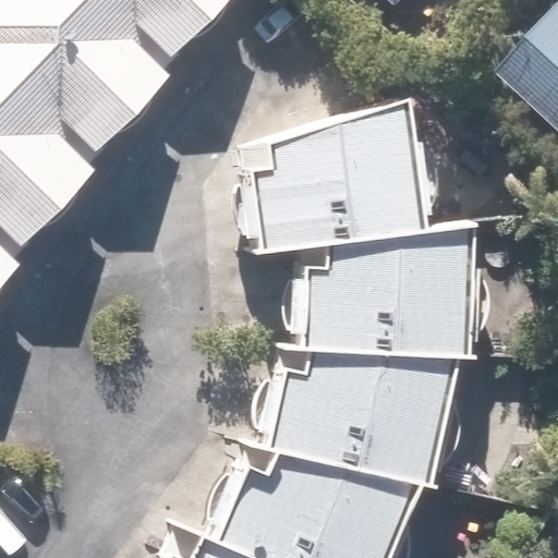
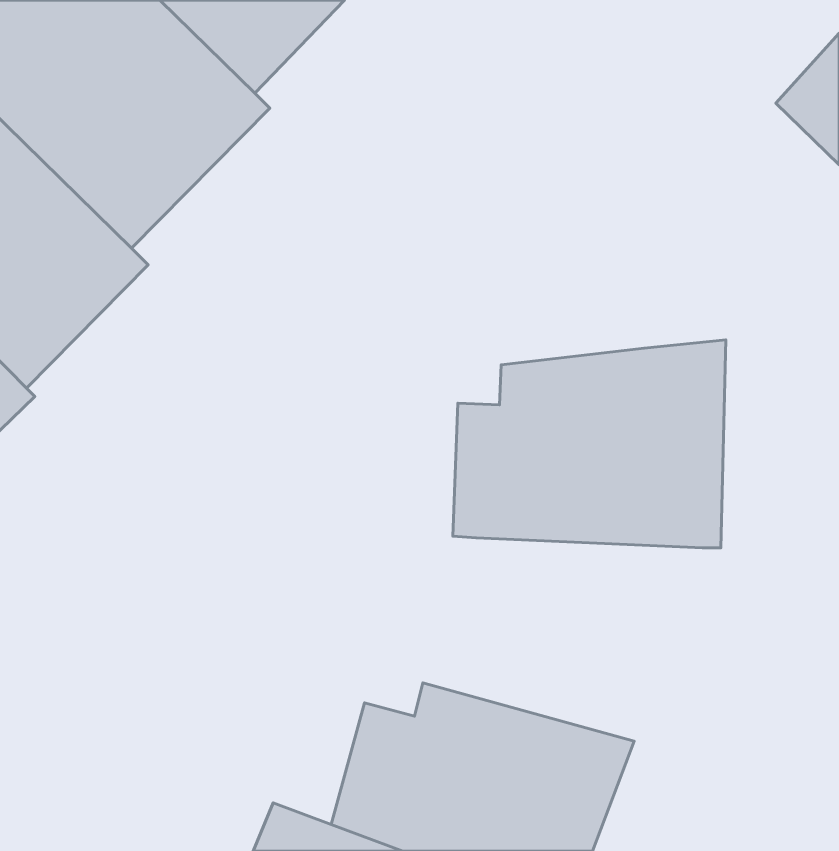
building: [250,98,422,243] -> none
building: [263,352,460,487] -> none

